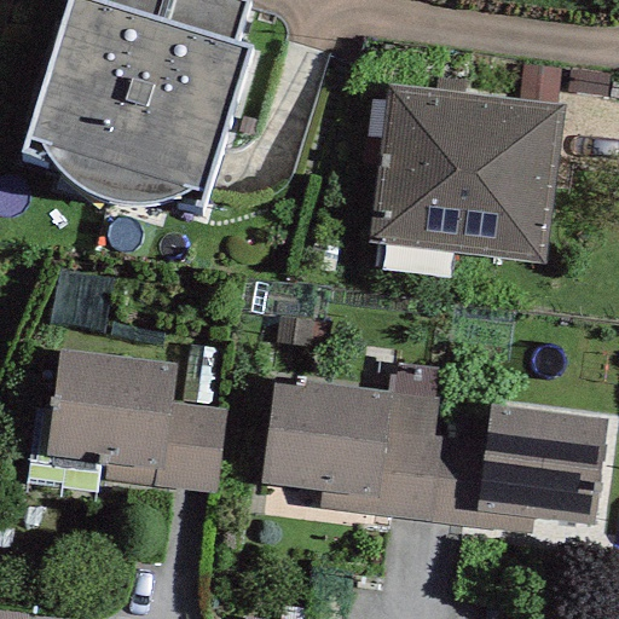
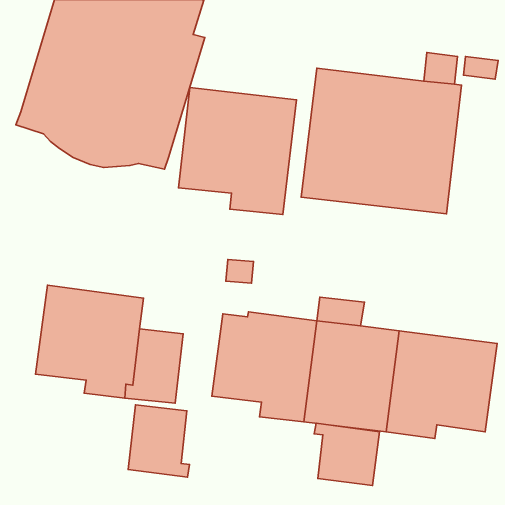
building: none -> [178,88,296,215]
building: none -> [128,405,190,477]
building: none -> [314,423,379,486]

